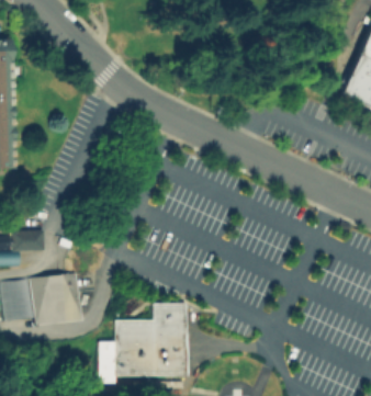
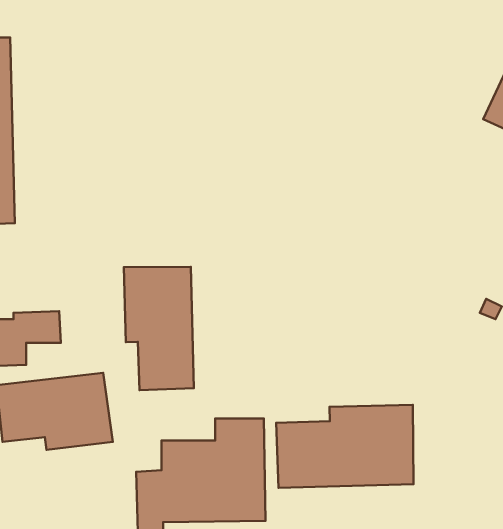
building: none -> [124,267,194,390]
building: none -> [276,405,413,488]

